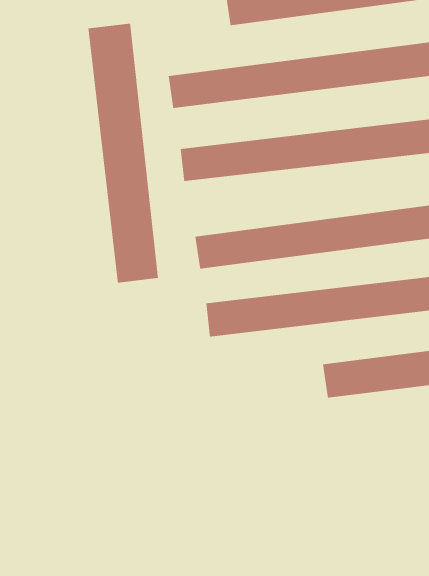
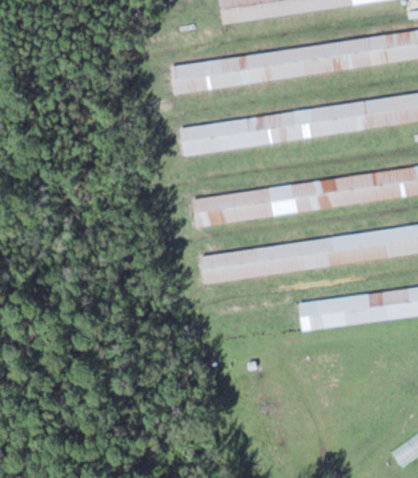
building: [88,23,158,283] -> none

